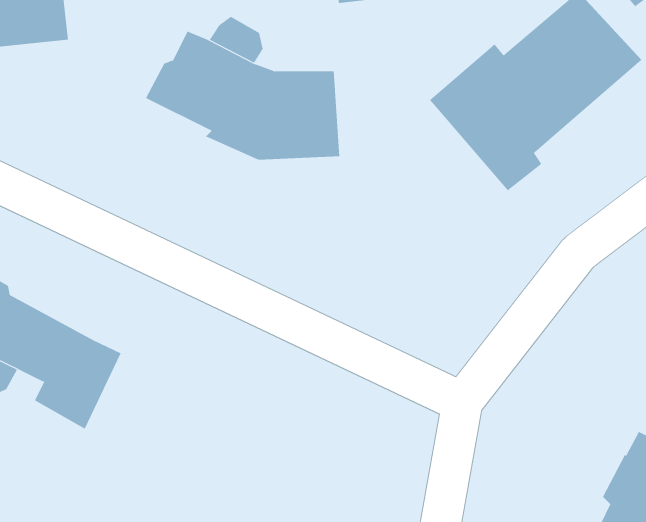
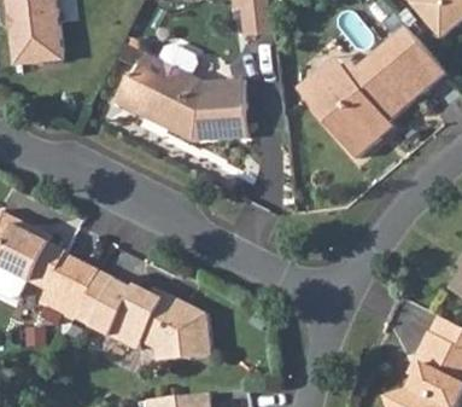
building: none -> [90,279,204,355]

